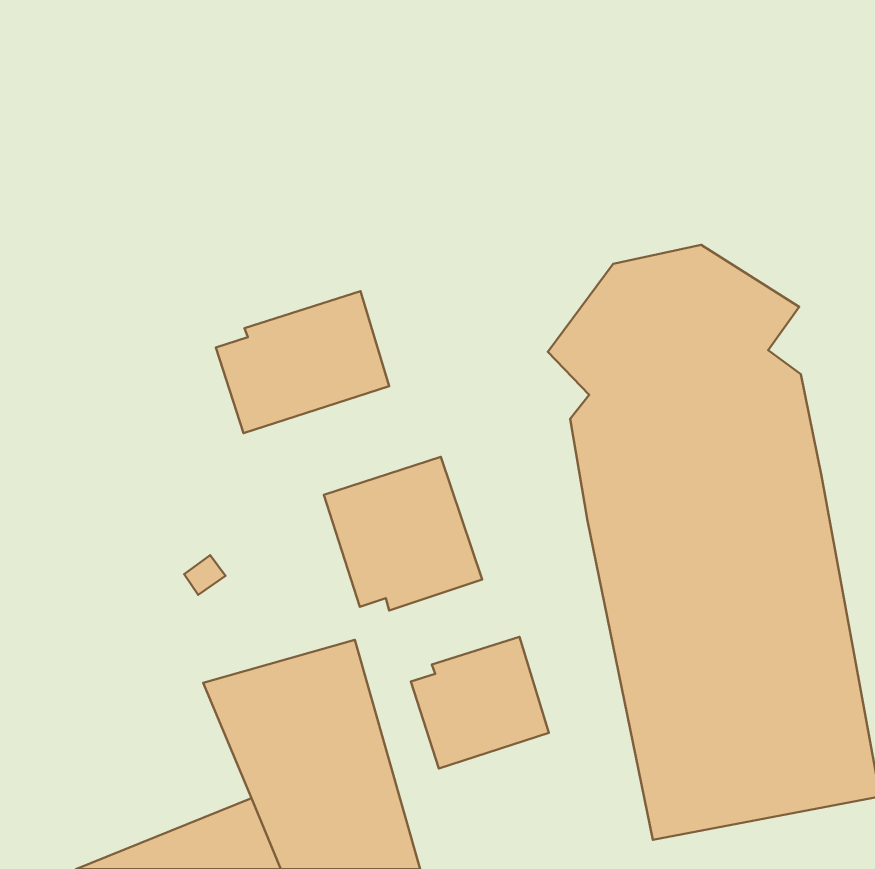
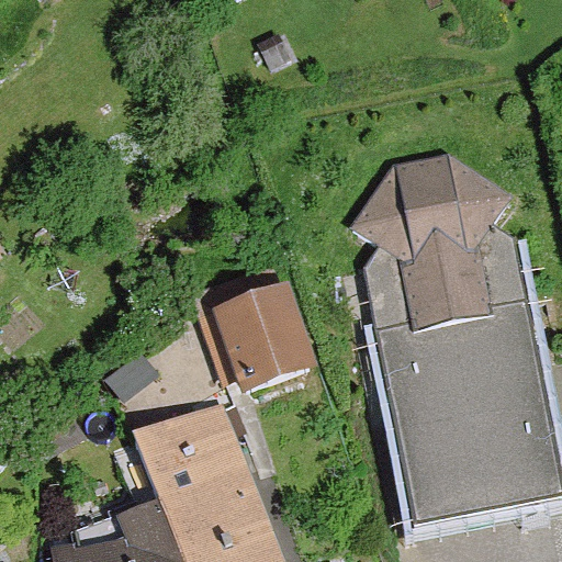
building: [216,291,389,433] -> none
building: [411,637,549,768] -> none

